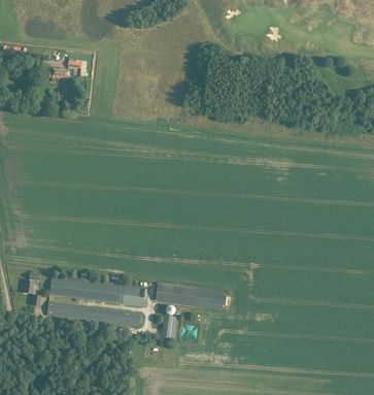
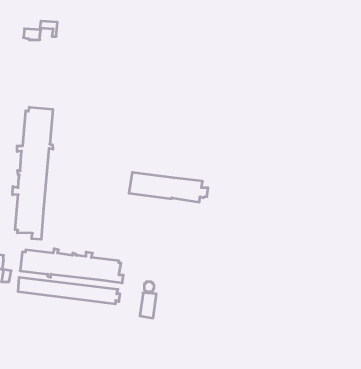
building: none -> [13,107,53,239]
building: [154,282,228,309] -> [129,172,208,202]

